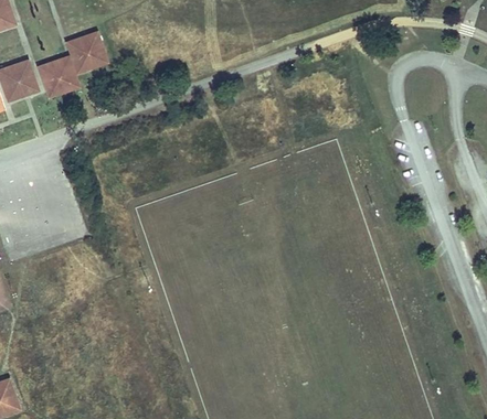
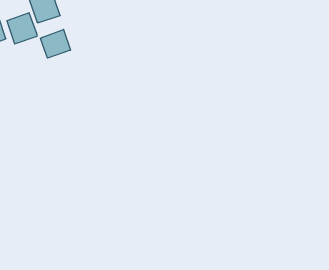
building: none -> [40,29,70,58]

